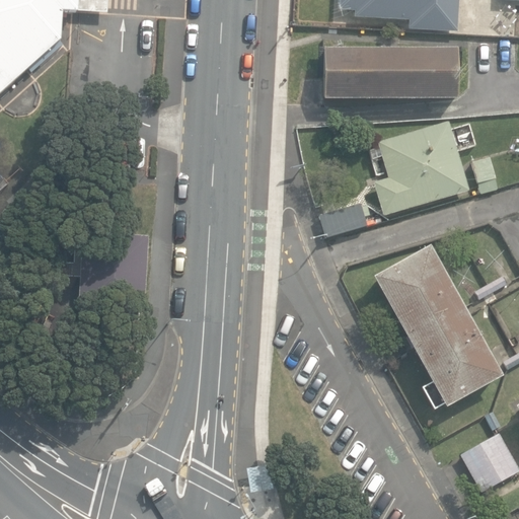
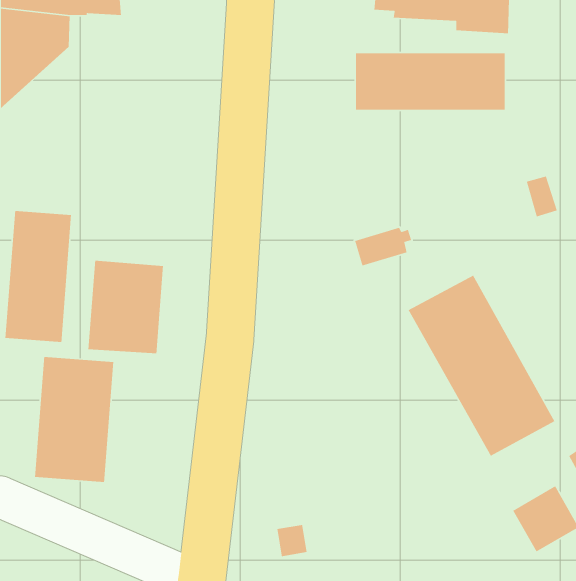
building: [375,121,470,215] -> none
building: none -> [5,210,72,343]
building: none -> [34,356,114,483]

